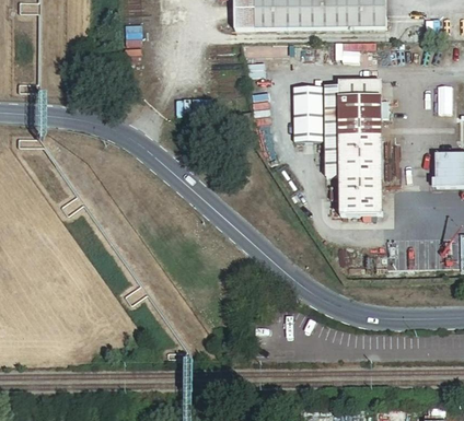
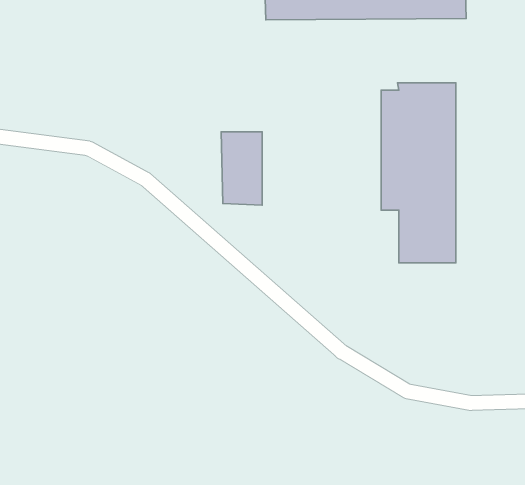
building: [293,86,324,141] -> [221,132,262,205]

